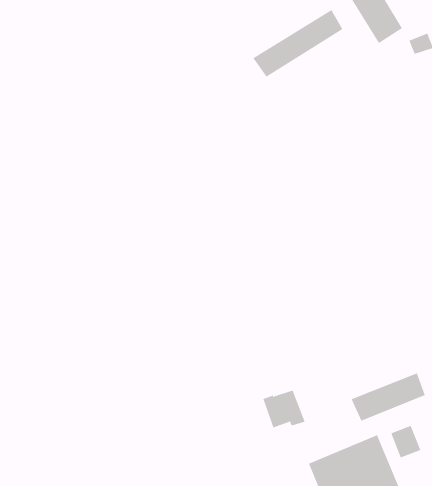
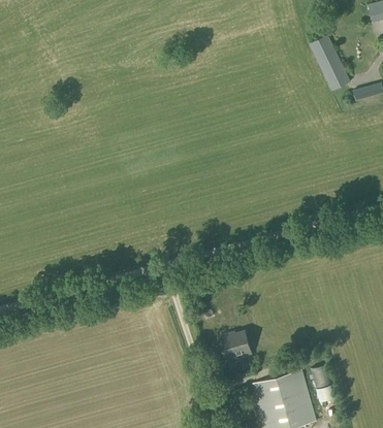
building: [252,9,343,77] -> none
building: [351,373,426,421] -> none

